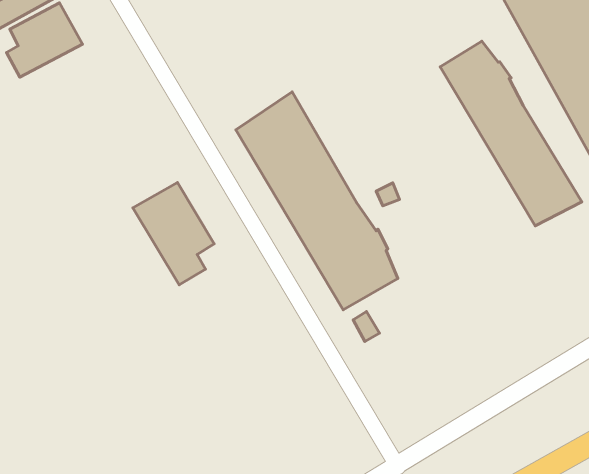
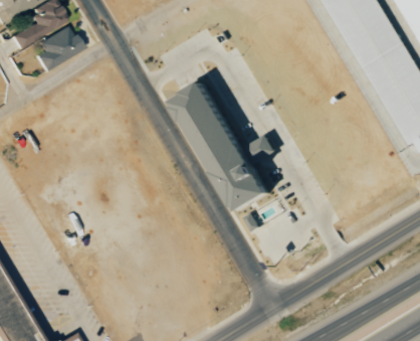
building: [440,41,582,226] -> none
building: [133,183,214,285] -> none

